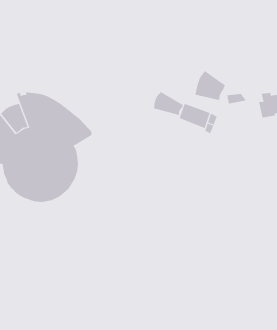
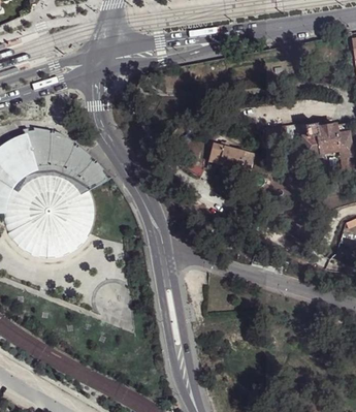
building: [195,70,225,101] -> none
building: [153,91,184,116] -> none

